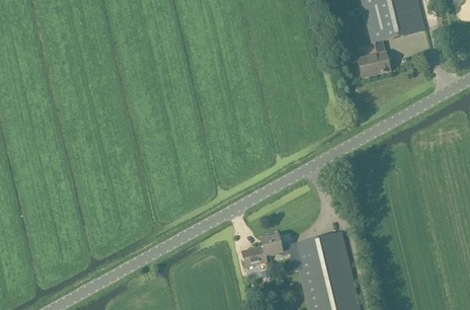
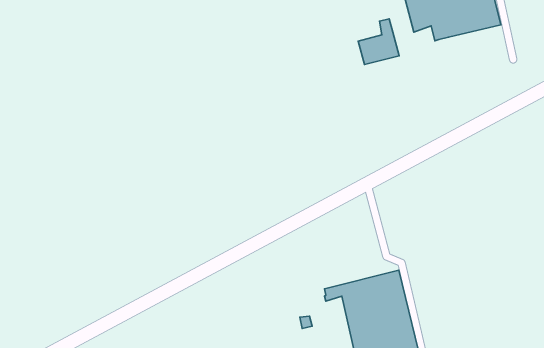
building: [358,41,391,78] -> [358,19,399,65]
building: [241,235,283,267] -> none

